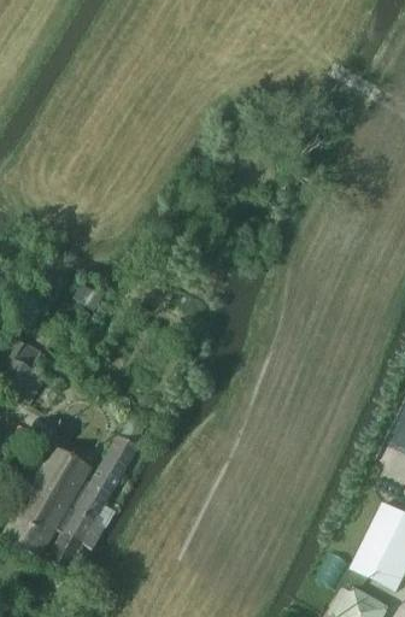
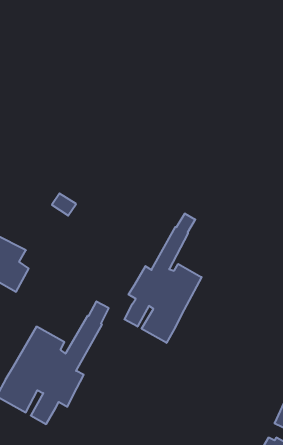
building: none -> [124,213,202,343]

